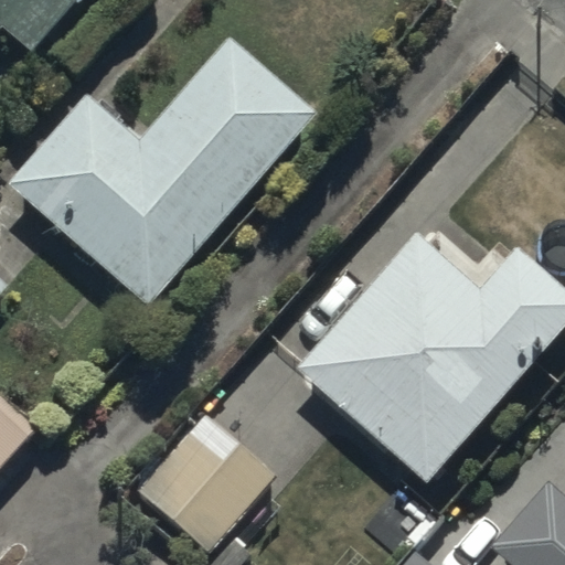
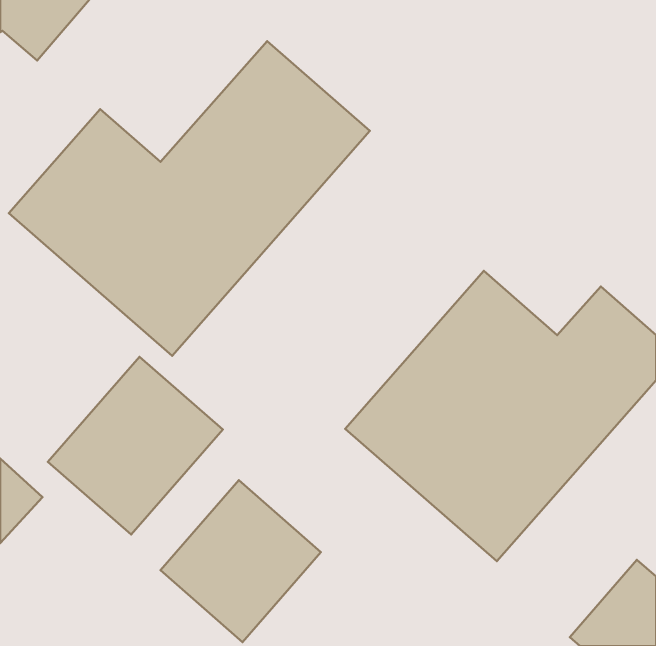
building: none -> [48,357,223,534]

